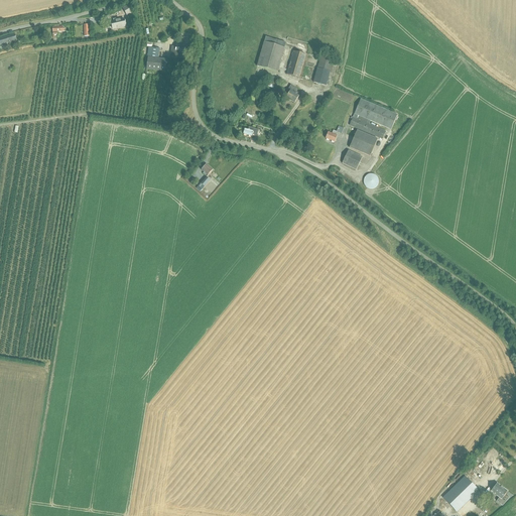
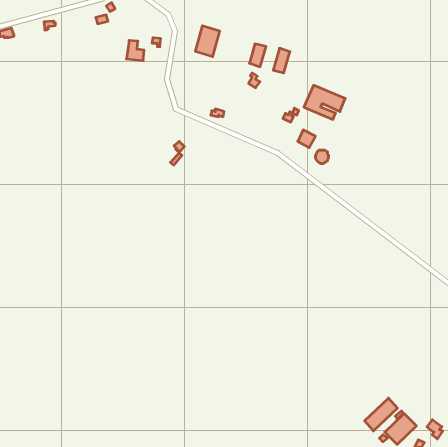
building: [257,35,285,71] -> [195,26,220,57]
building: [349,128,377,155] -> none
building: none -> [365,398,397,431]

